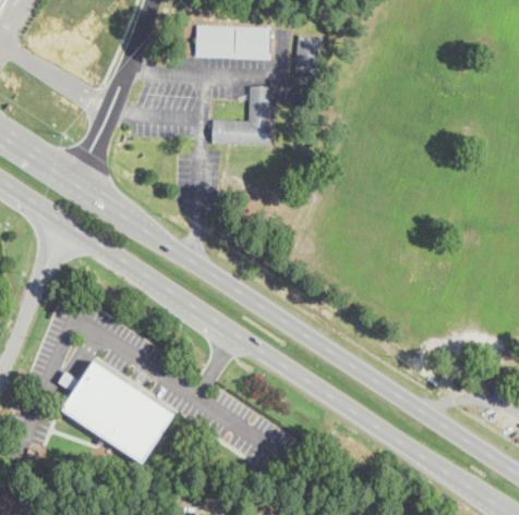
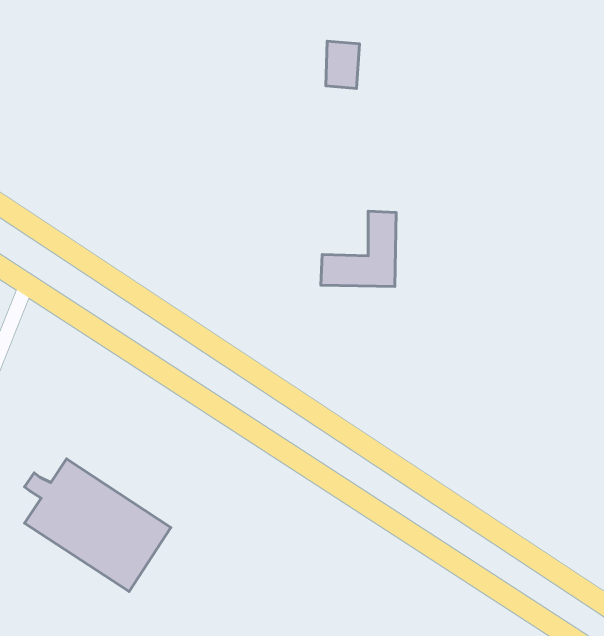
building: [194,25,270,60] -> none
building: [212,86,270,145] -> [321,211,396,286]

